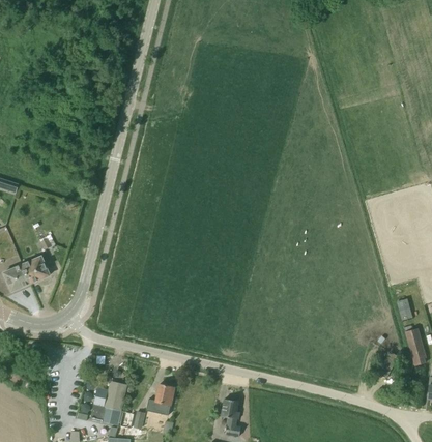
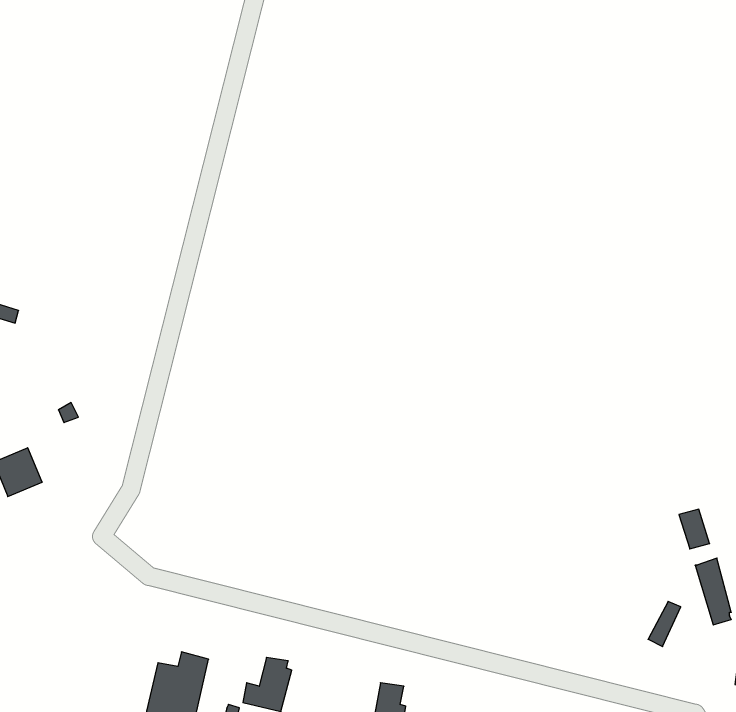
building: [23,256,50,284] -> none

